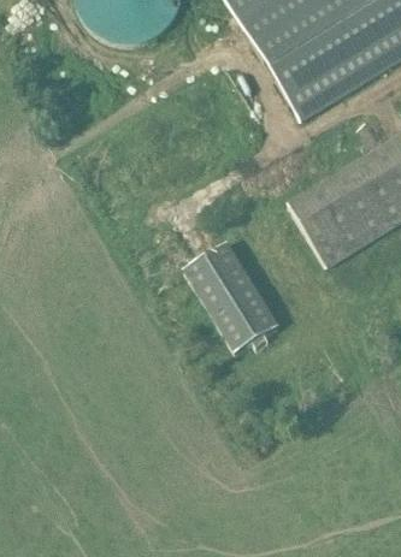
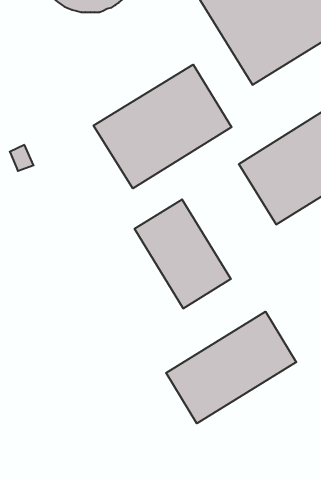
building: none -> [94,65,232,188]
building: none -> [166,312,296,423]

